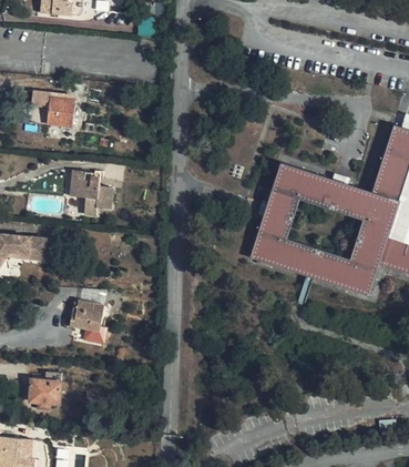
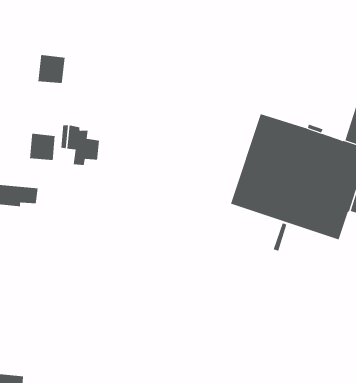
building: none -> [30,133,55,161]
building: [69,300,103,332] -> none
building: [29,370,61,408] -> none

